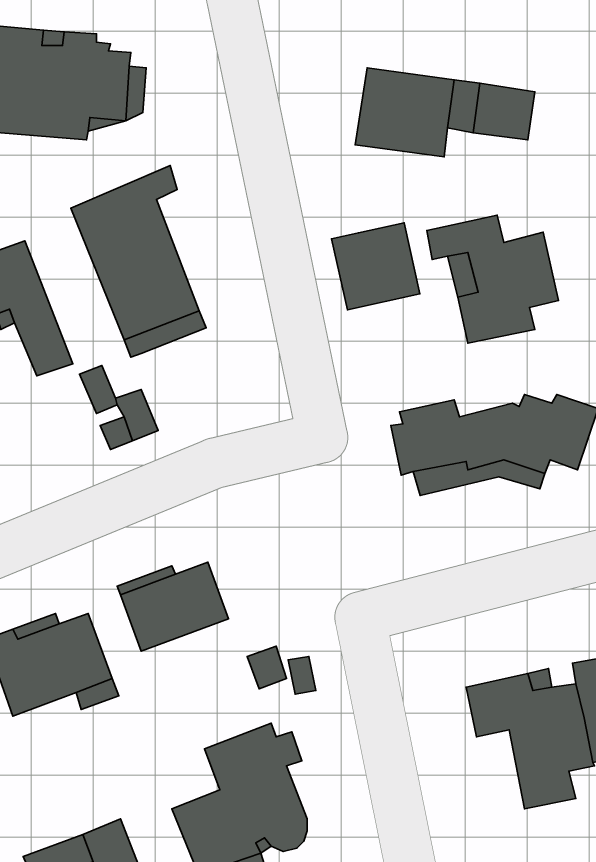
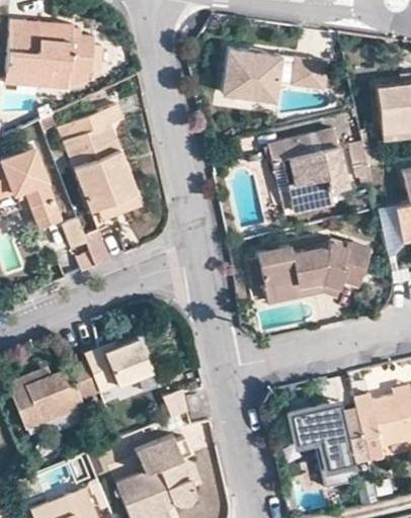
building: [331,223,420,310] -> none

